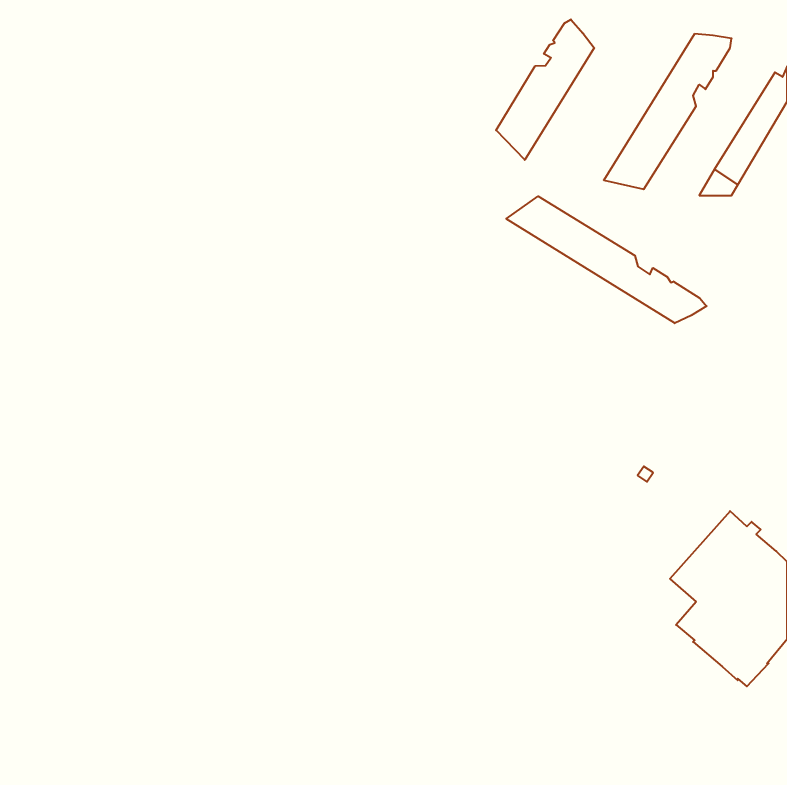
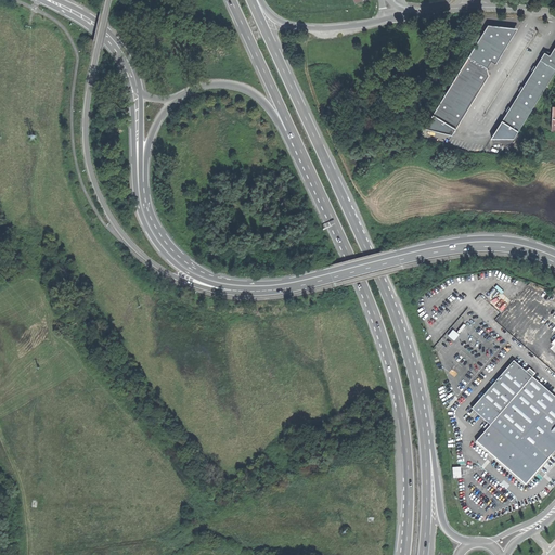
building: [496,19,594,160] -> none
building: [506,196,707,323] -> none

